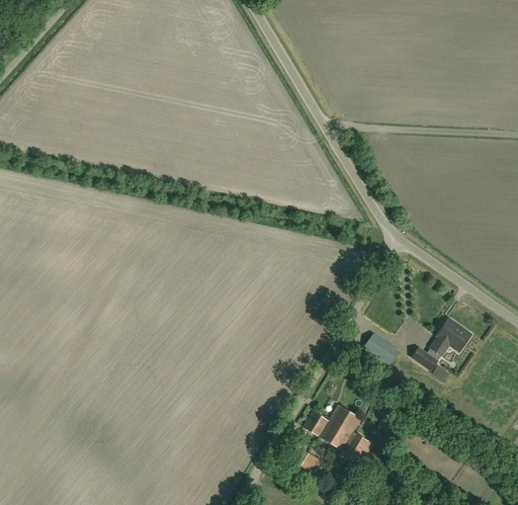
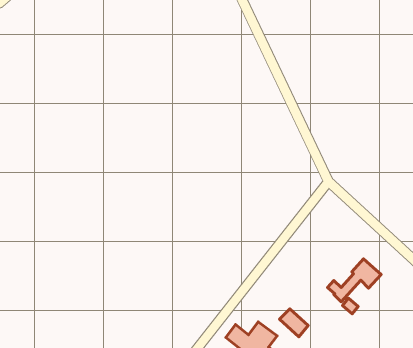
building: [364,334,398,364] -> [280,309,308,337]

